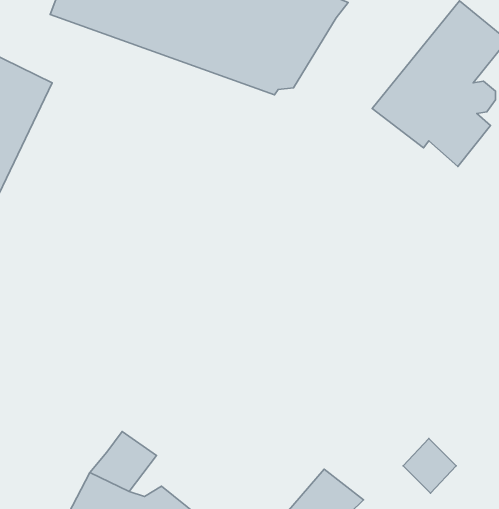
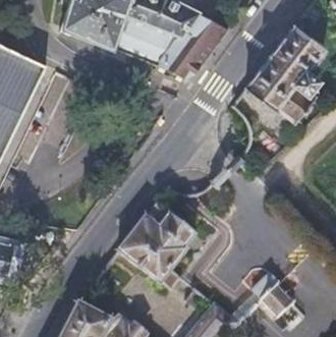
building: none -> [116,199,197,289]

